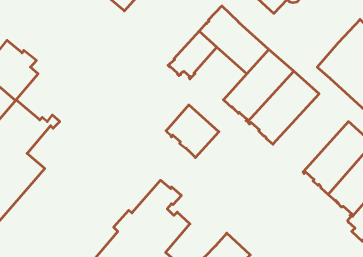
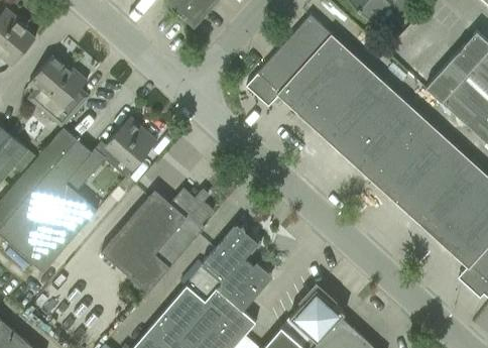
building: none -> [106,118,157,169]
building: none -> [372,121,463,215]
building: [166,105,219,158] -> [277,65,341,128]
building: none -> [101,189,214,294]

